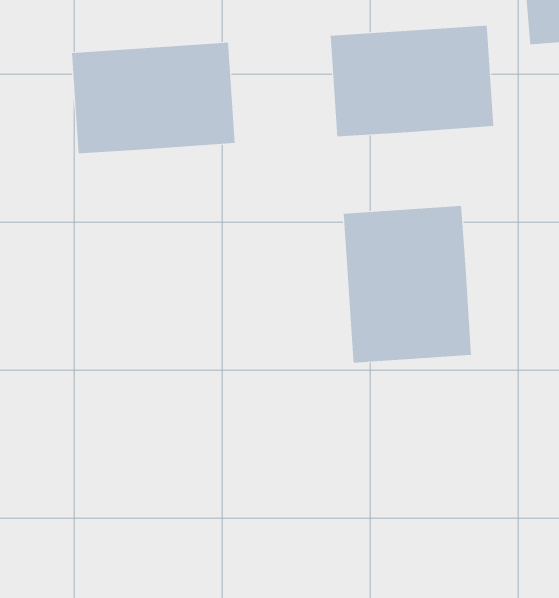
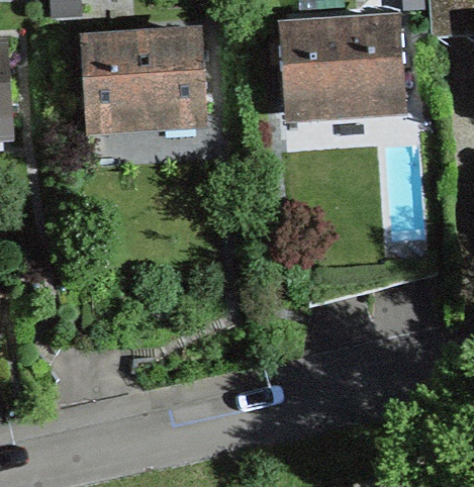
building: [343,205,471,363] -> none

